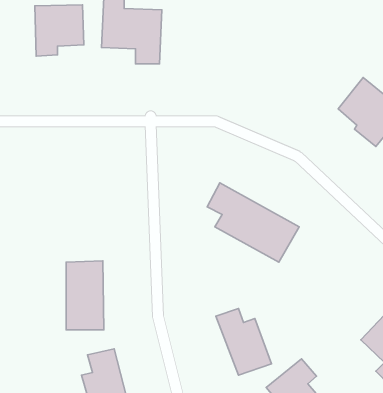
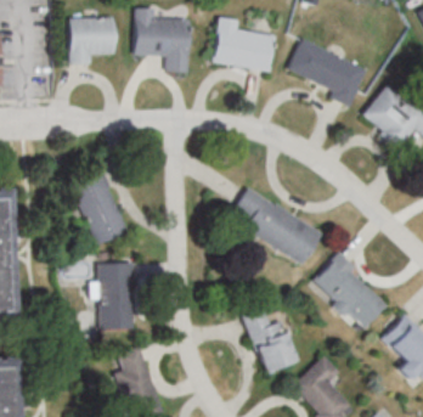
building: none -> [213,16,277,72]
building: none -> [288,38,370,108]
building: none -> [72,170,131,247]
building: none -> [312,252,388,331]

